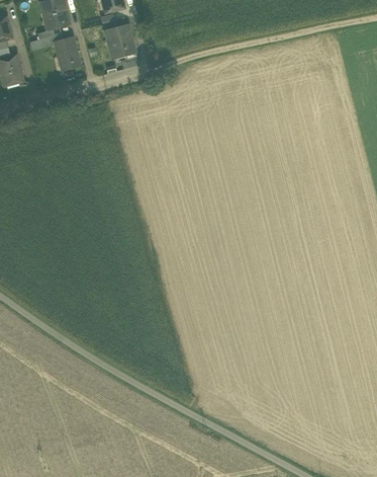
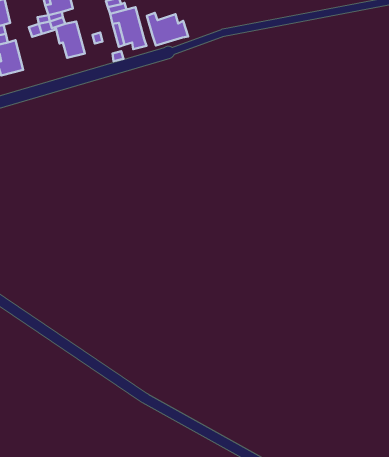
building: none -> [147,13,188,46]

